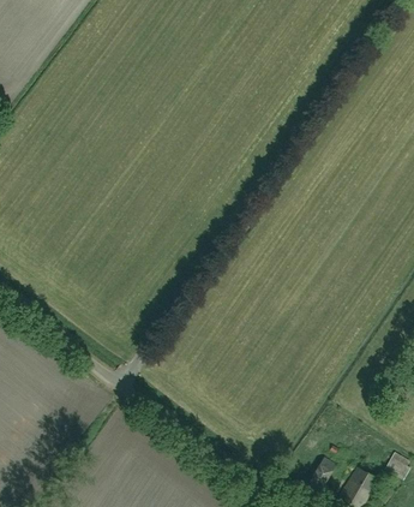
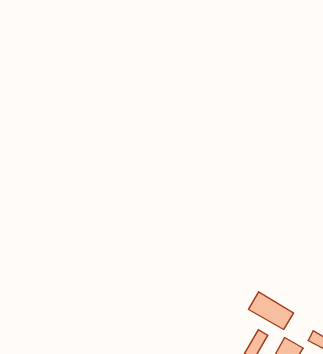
building: none -> [248,292,294,329]

